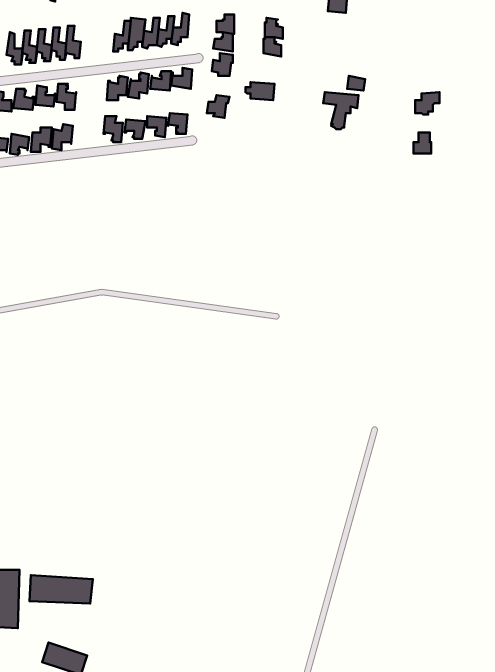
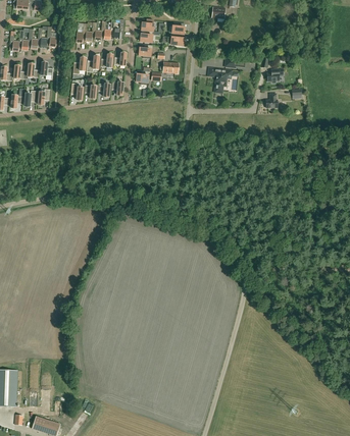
building: [30,575,93,604] -> none

